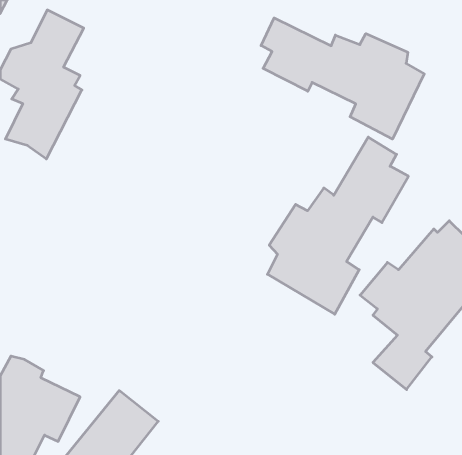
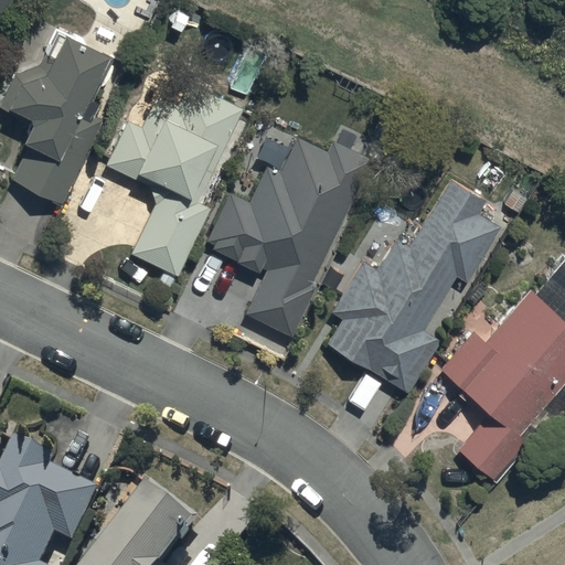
building: [261,18,424,139] -> none
building: none -> [106,79,243,276]
building: none -> [206,129,369,335]

